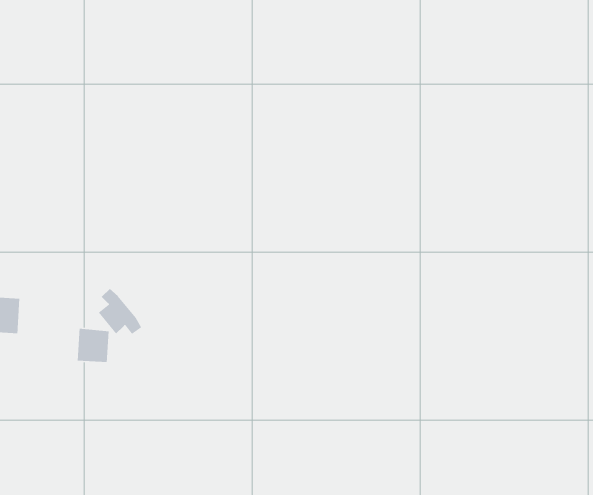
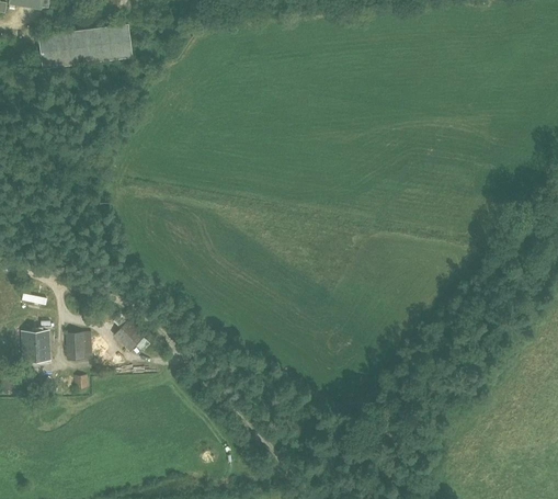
building: [77,328,109,363] -> [65,332,91,360]

